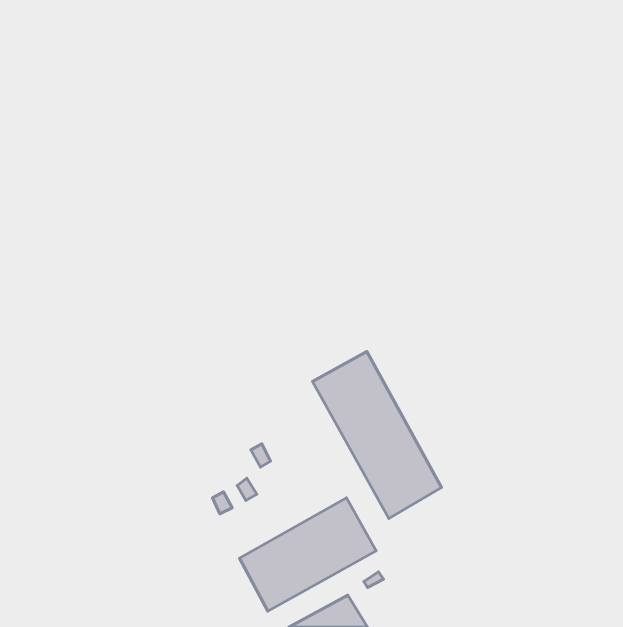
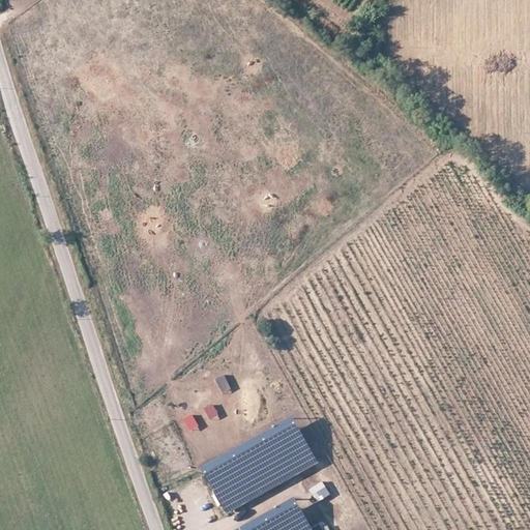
building: [313,352,442,518] -> none

